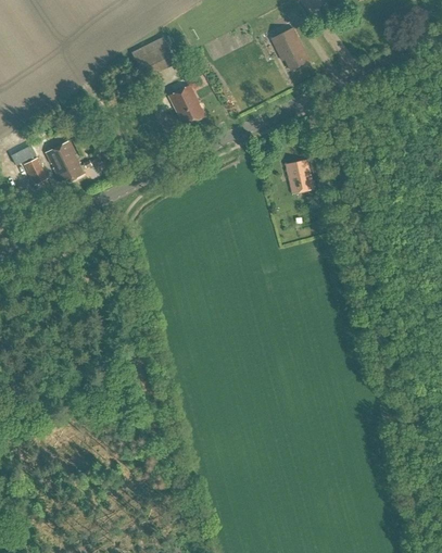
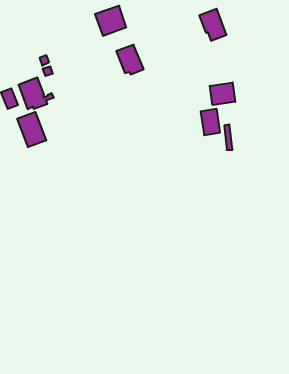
building: none -> [210,82,235,105]
building: none -> [17,112,46,147]

